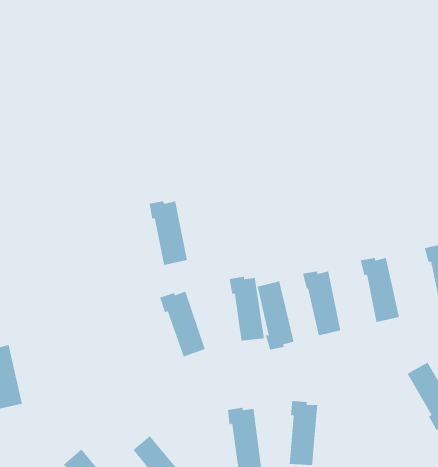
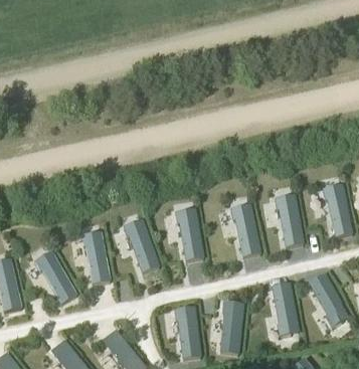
building: [149,200,188,266] -> [81,233,111,283]
building: [257,280,295,350] -> none
building: none -> [34,253,75,303]
building: none -> [273,284,299,335]

